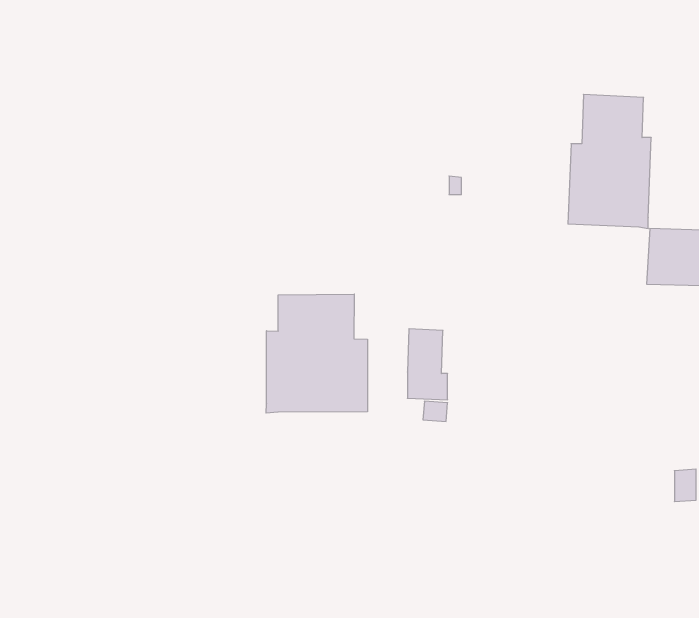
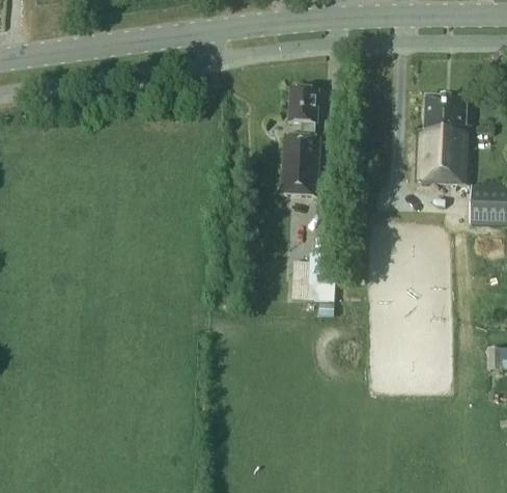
building: none -> [281,88,318,195]
building: [266,294,367,413] -> none

